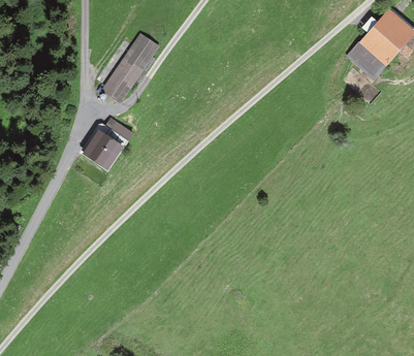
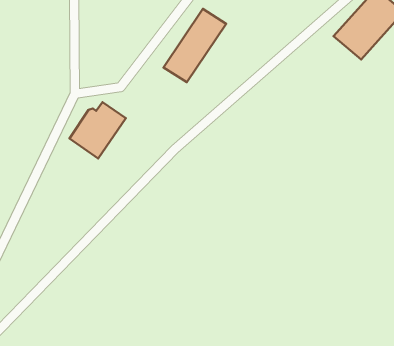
building: [103,32,164,103] -> [163,9,226,82]

